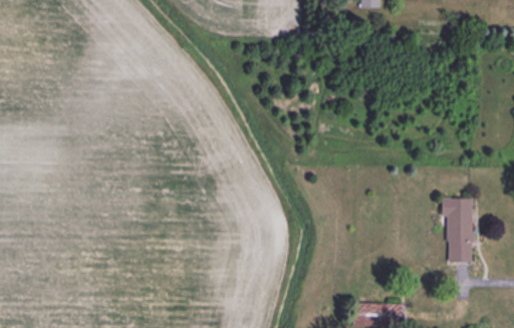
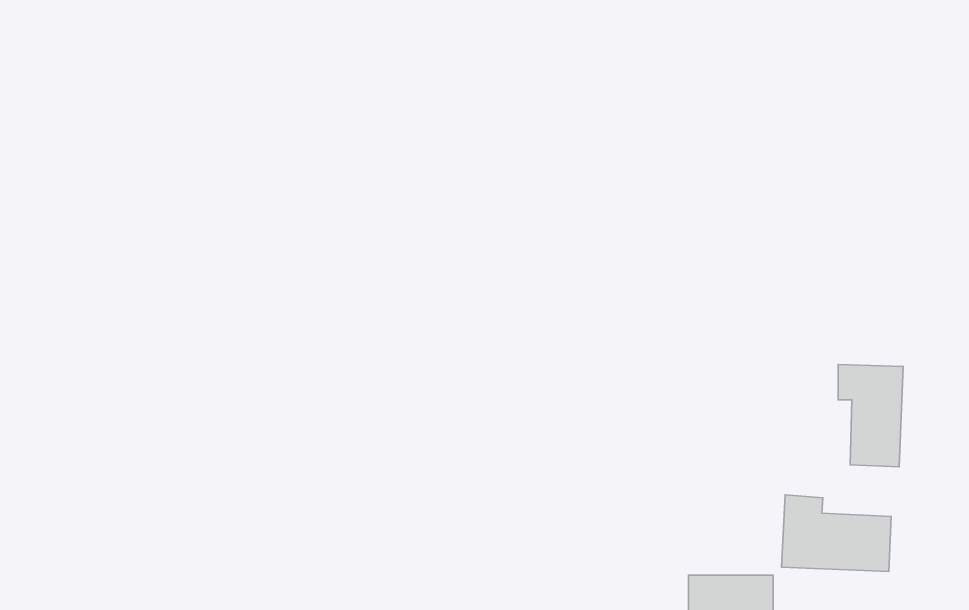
building: none -> [782,495,891,571]

